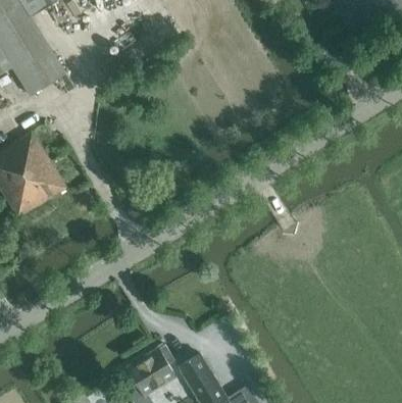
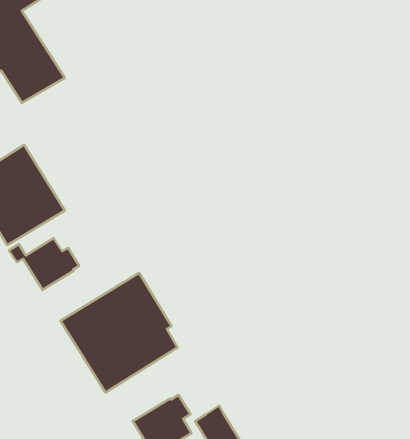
building: none -> [9,238,79,290]
building: none -> [61,273,178,393]

